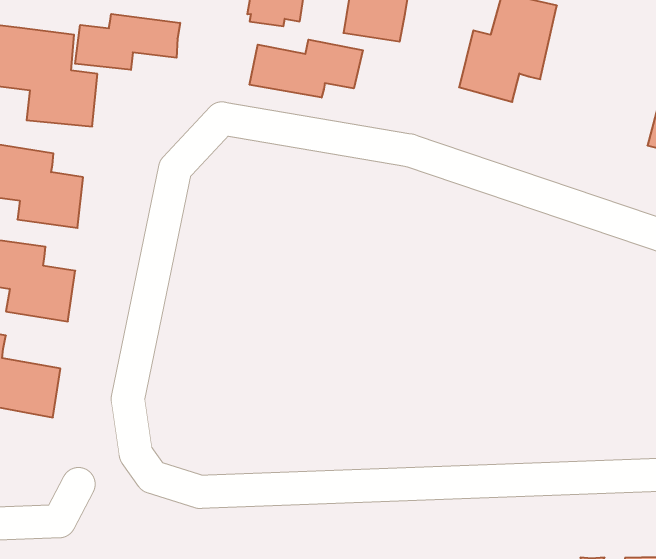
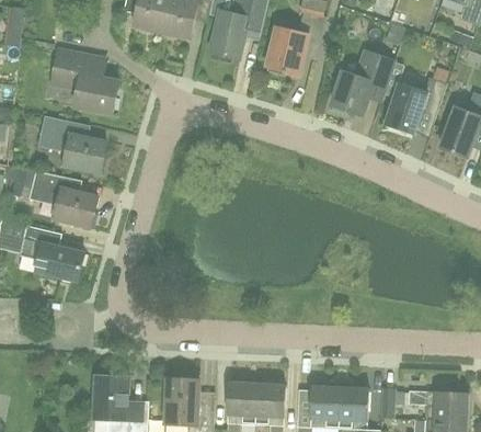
building: [75,14,180,70] -> none
building: none -> [382,69,445,134]
building: [250,40,363,98] -> none

